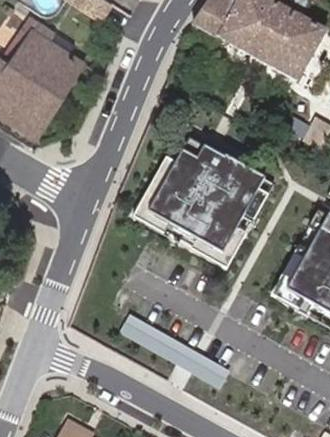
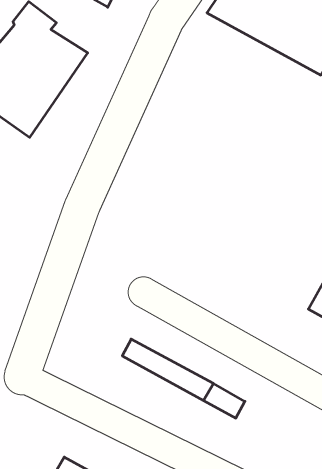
building: [145,137,263,254] -> none

